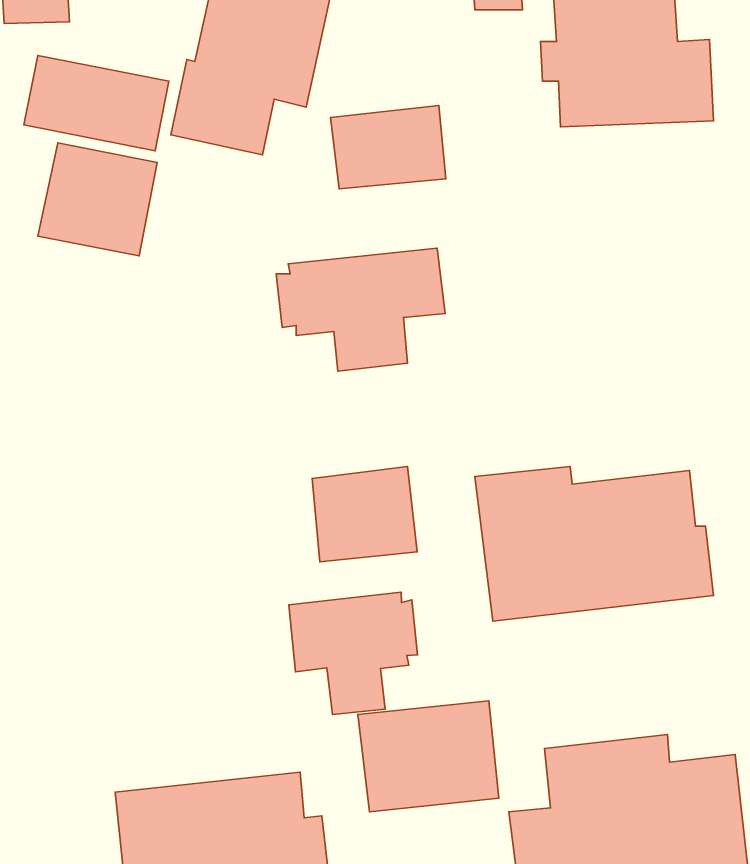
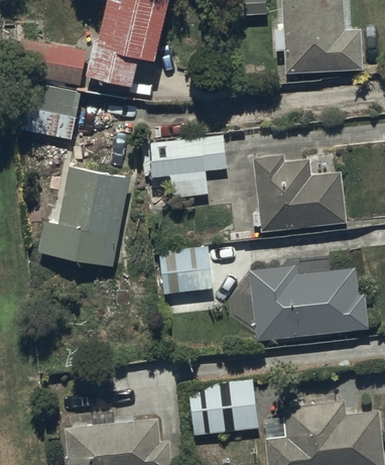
building: [331,106,446,189] -> none
building: none -> [253,158,348,237]
building: none -> [39,171,131,271]
building: [289,592,417,714] -> none

